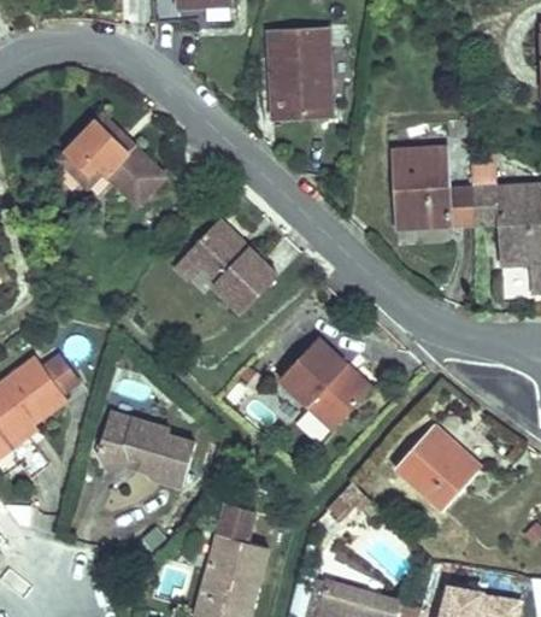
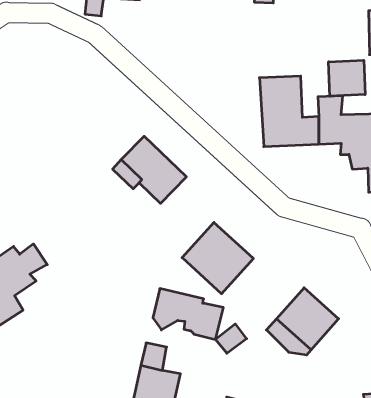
building: [253,39,322,127] -> none
building: [49,106,160,198] -> none
building: none -> [329,60,365,96]
building: [102,413,201,484] -> [153,289,223,339]

